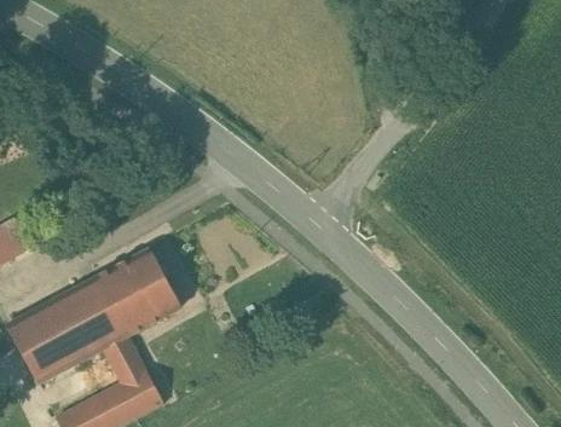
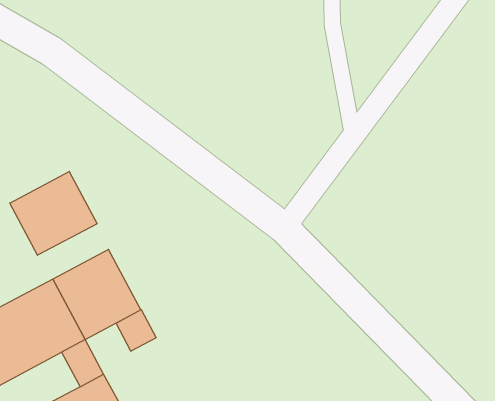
building: none -> [10,171,97,255]
building: none -> [116,310,156,351]

